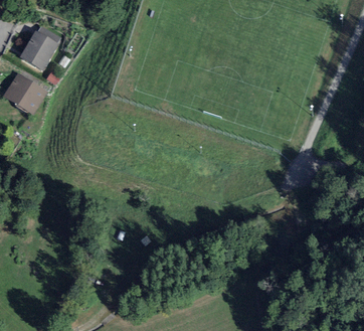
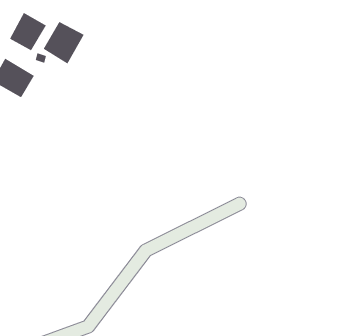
building: none -> [43,21,85,64]

